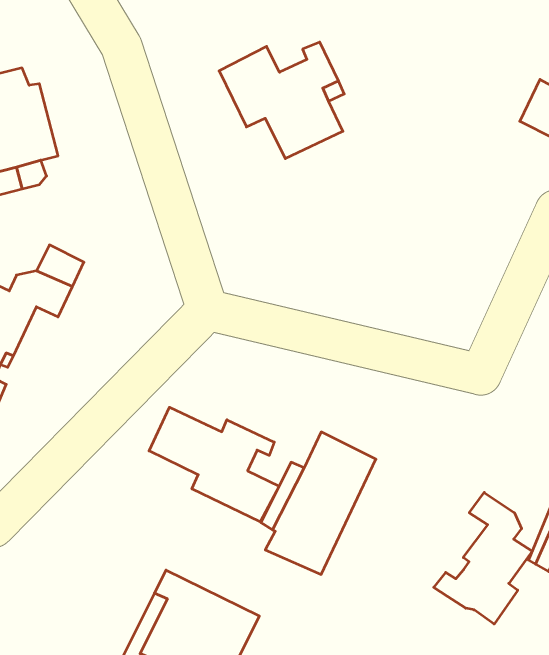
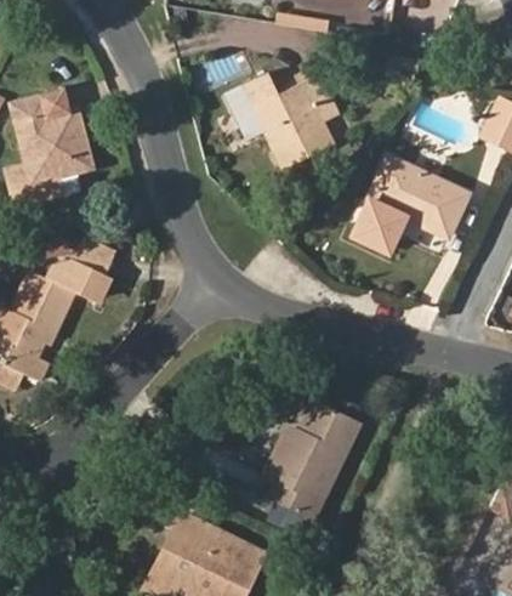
building: none -> [353,155,470,251]
building: [149,407,279,522] -> none
building: [434,492,532,624] -> none

